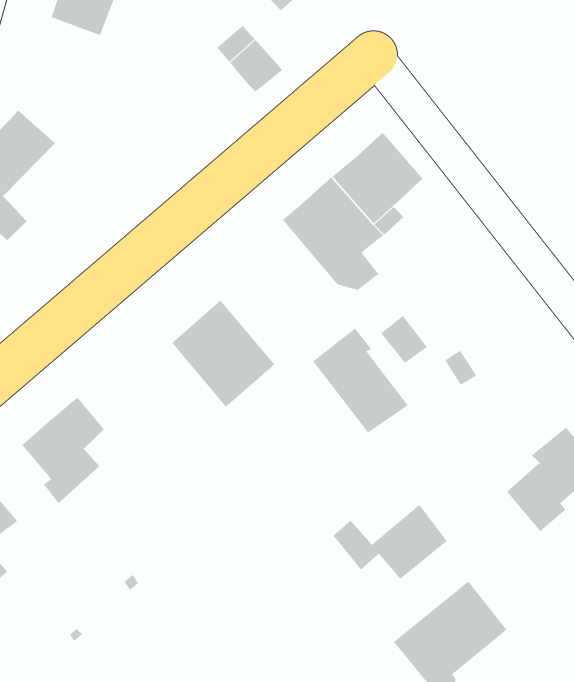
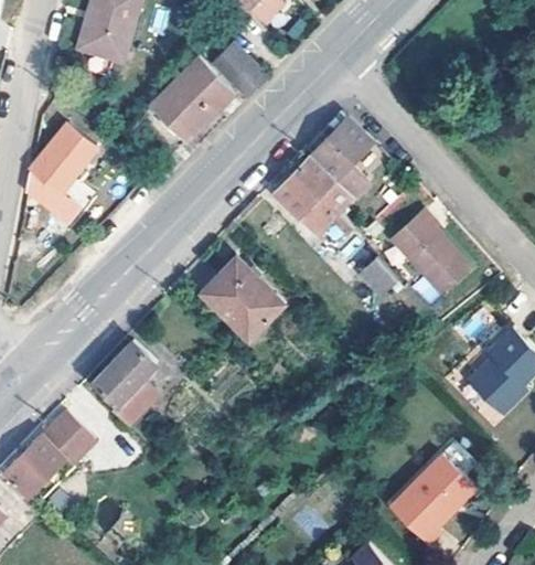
building: none -> [152,56,233,139]
building: [312,327,409,434] -> [394,211,471,291]
building: [333,504,448,580] -> none

